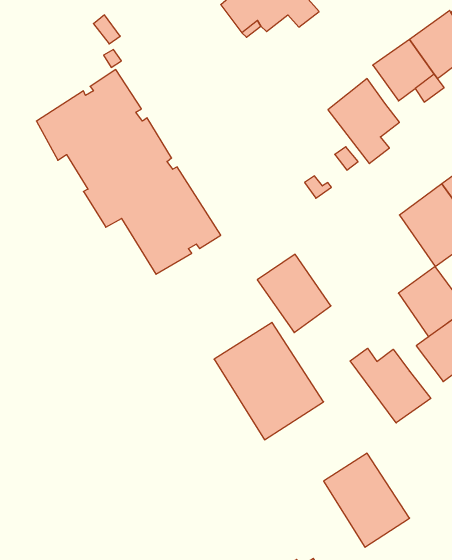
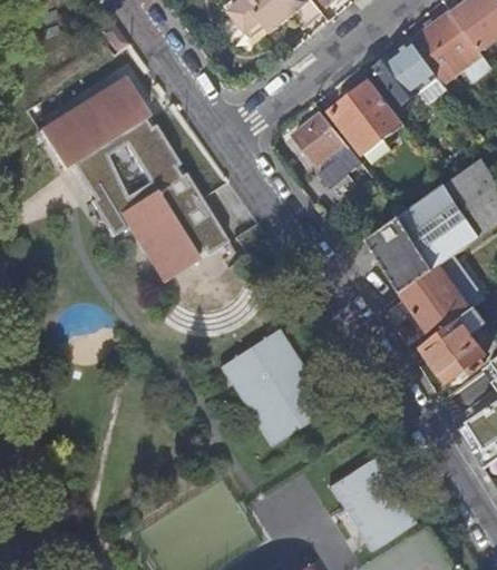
building: none -> [293,111,347,166]
building: [257,254,331,333] -> [366,216,439,294]
building: [350,348,431,423] -> none

